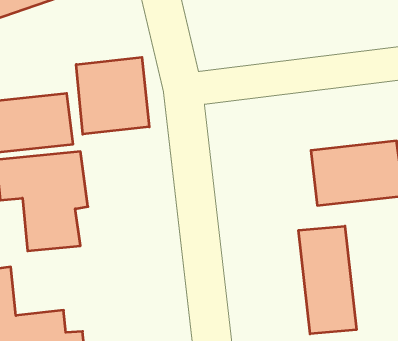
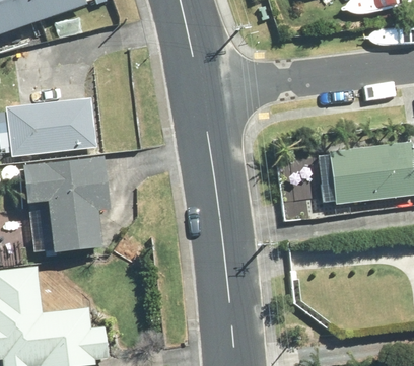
building: [76,57,149,134] -> none
building: [299,226,356,334] -> none

